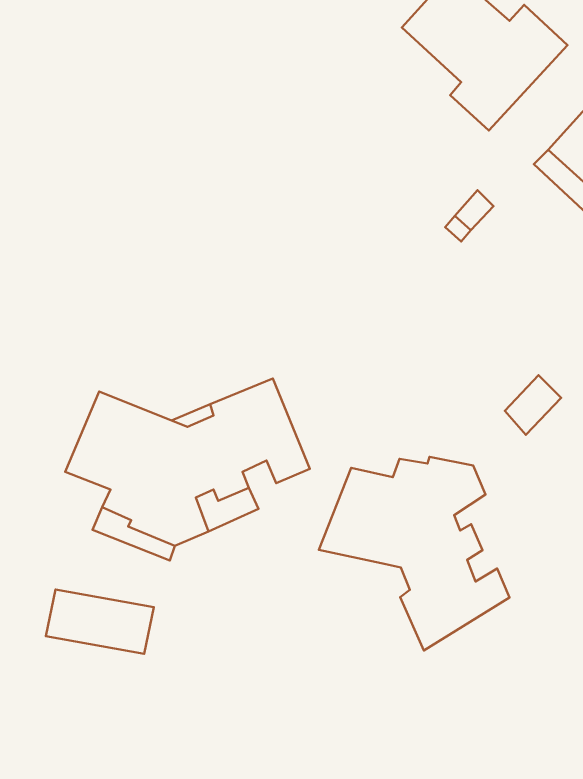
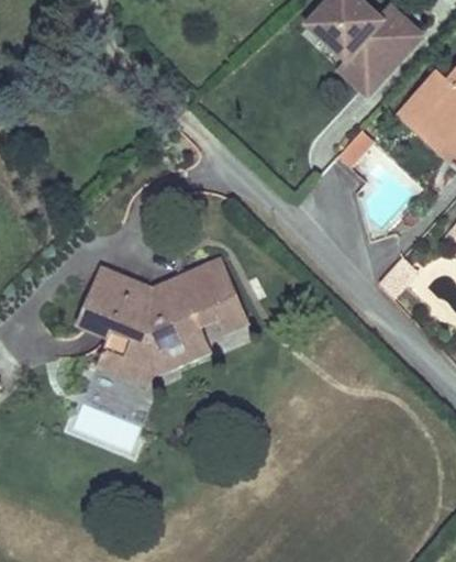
building: [319,457,509,650] -> none

